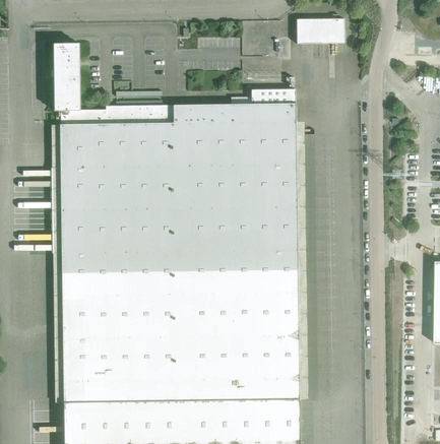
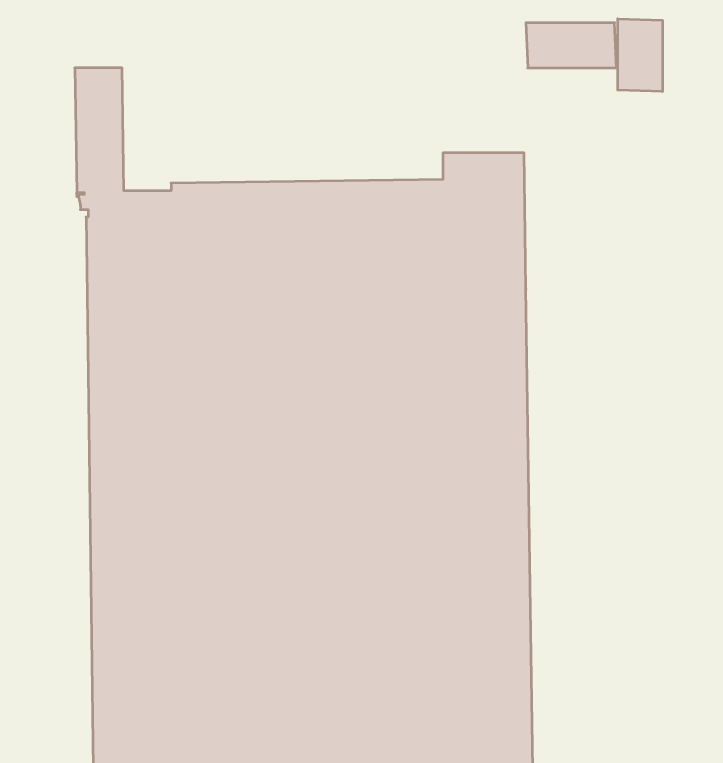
building: none -> [618,19,662,92]

